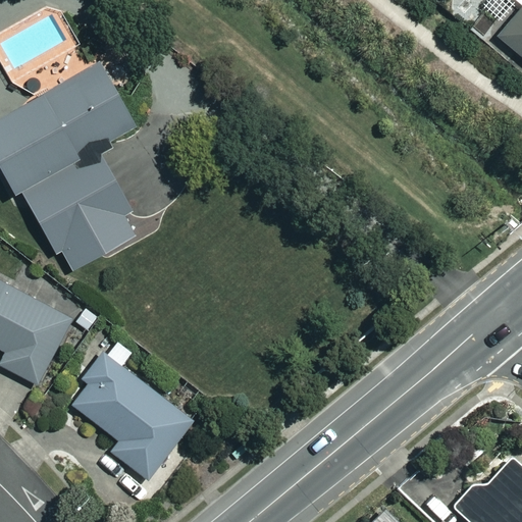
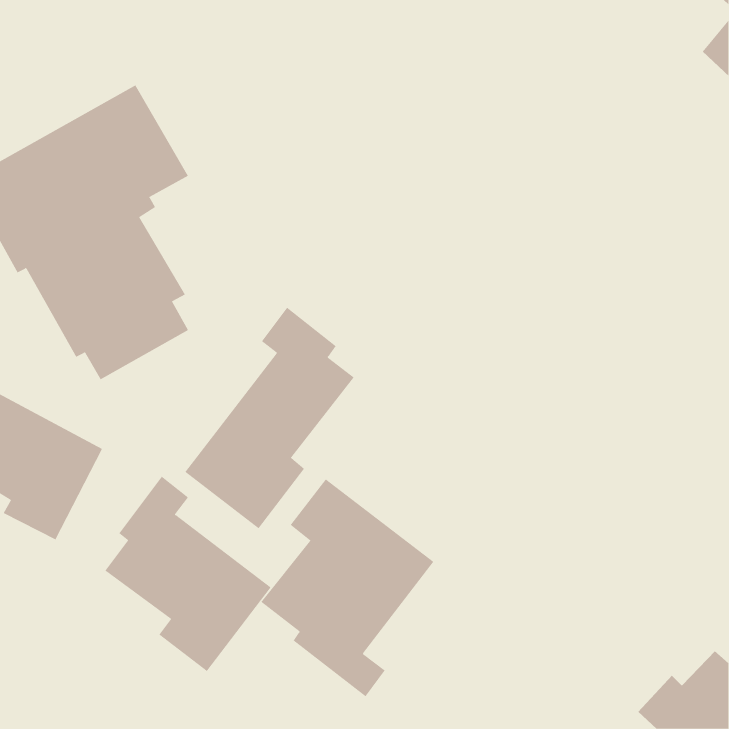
building: none -> [185,307,355,529]
building: none -> [260,478,434,697]

